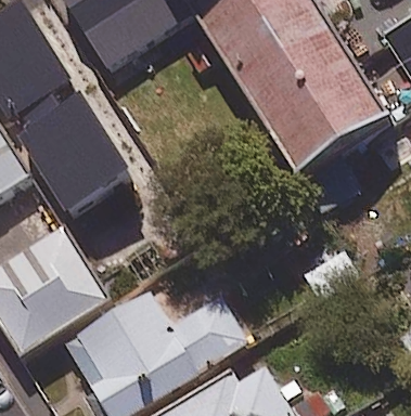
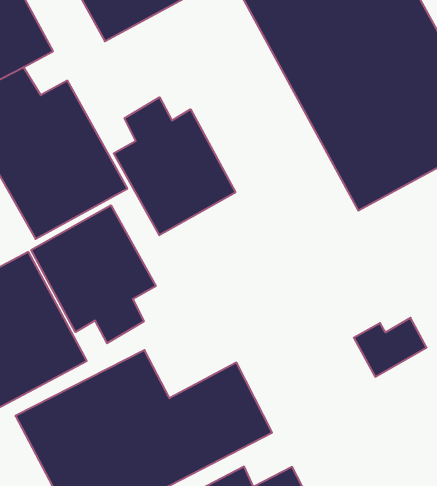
building: none -> [114,97,235,235]
building: none -> [31,205,156,343]

